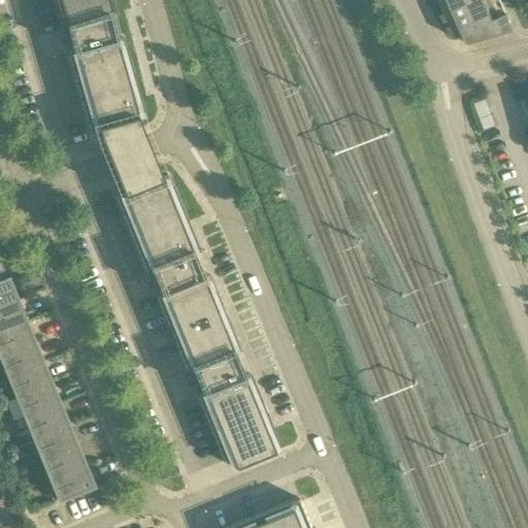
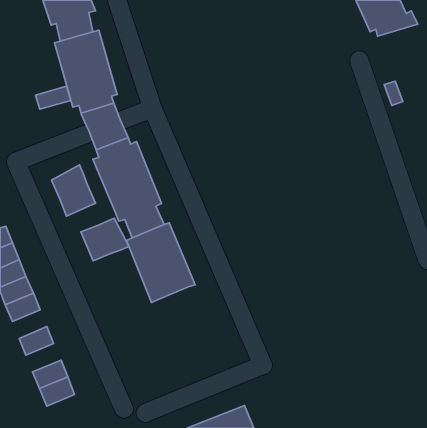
building: none -> [36,86,71,109]
building: none -> [51,165,96,216]
building: none -> [81,218,129,261]
building: [195,353,277,468] -> none
building: [16,382,59,417] -> none
building: [33,423,76,458] -> none

